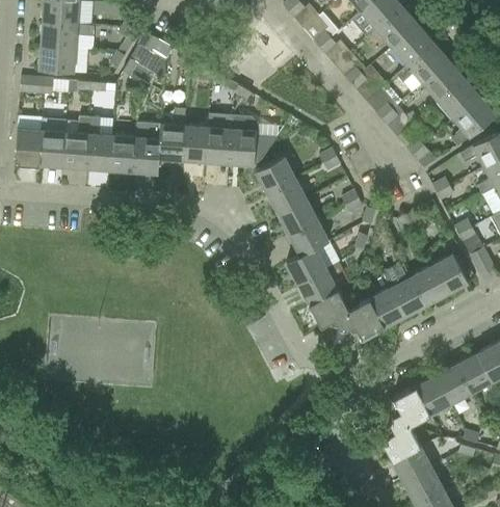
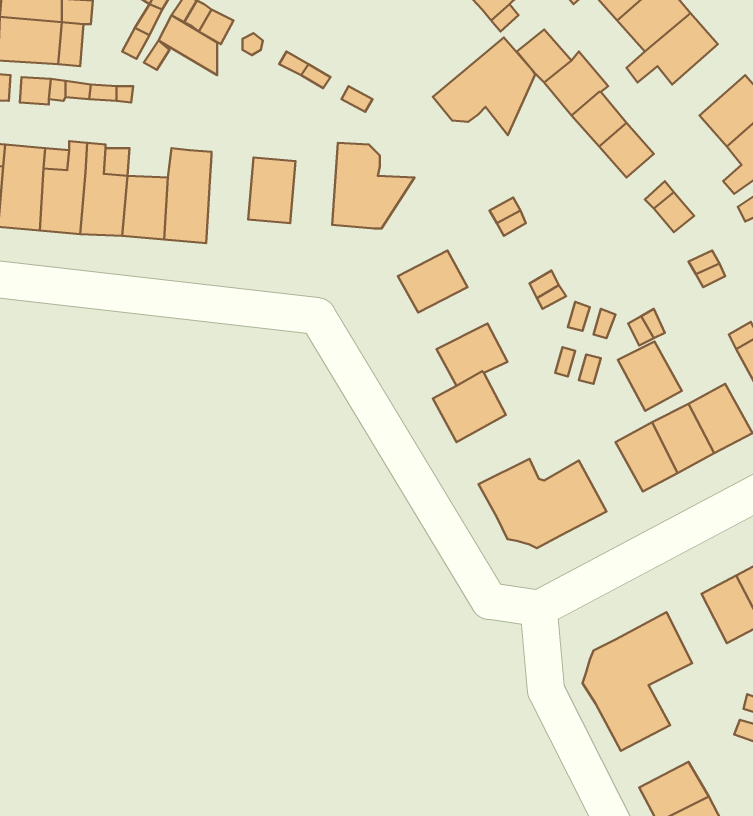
building: none -> [433,38,535,135]
building: [423,61,465,102] -> none
building: [159,108,186,161] -> none
building: [206,115,233,164] -> none
building: [256,157,295,193] -> none
building: [279,199,318,235] -> none
building: [300,272,342,312] -> none
building: [370,288,406,327] -> [618,342,682,411]
building: [420,374,454,413] -> none
building: [394,449,432,484] -> none

